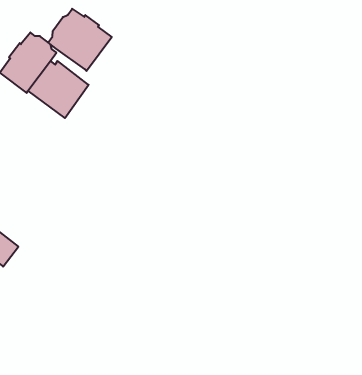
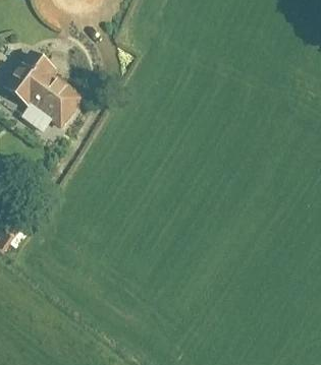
building: [48,9,112,71] -> none

